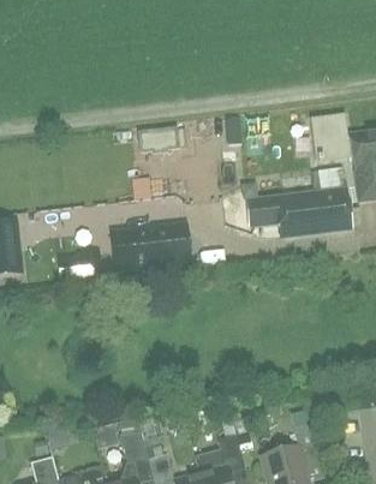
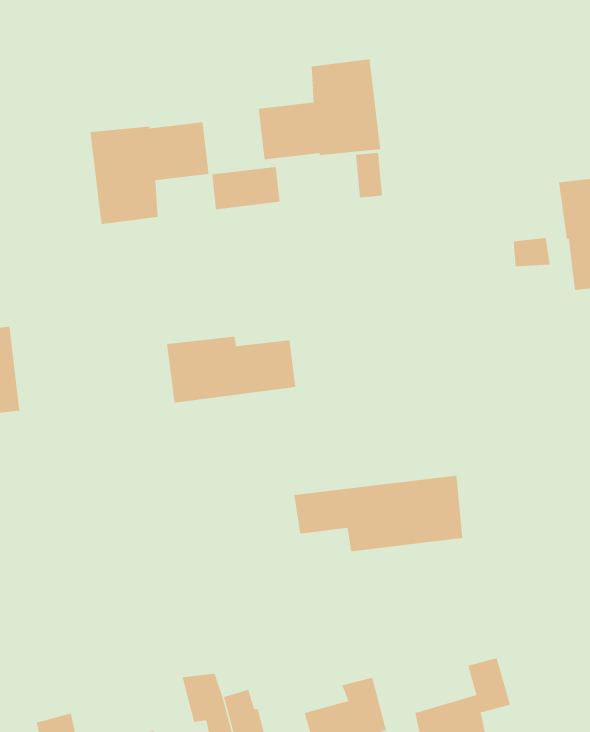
building: none -> [258,58,381,160]
building: none -> [90,122,209,225]
building: [245,189,348,235] -> [293,475,463,552]

